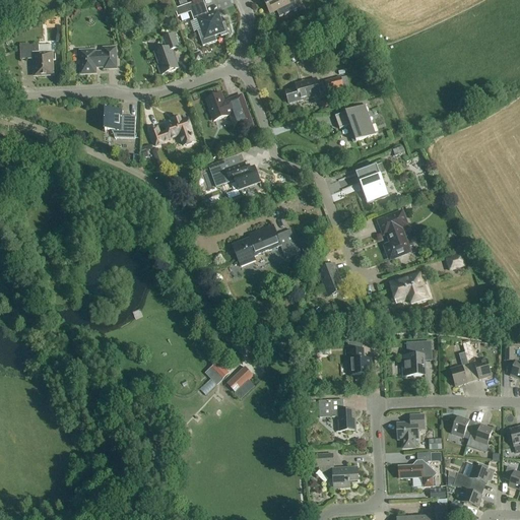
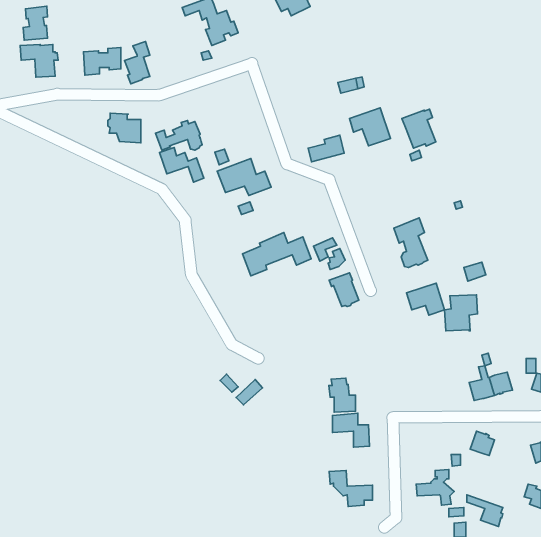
building: none -> [23,6,47,40]
building: [154,32,179,73] -> [124,41,150,84]
building: [285,76,320,102] -> [308,135,344,162]
building: [207,92,250,126] -> [160,147,204,182]
building: [355,162,388,200] -> [402,109,436,148]
building: [345,340,371,373] -> [329,378,355,412]
building: [401,340,433,375] -> [445,295,477,331]
building: [397,413,425,446] -> none
building: [466,422,493,451] -> none
building: [448,462,494,488] -> none

